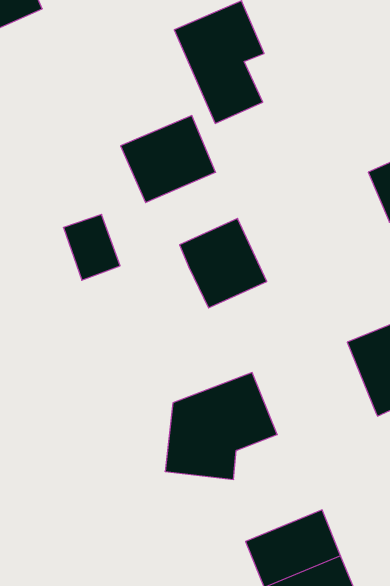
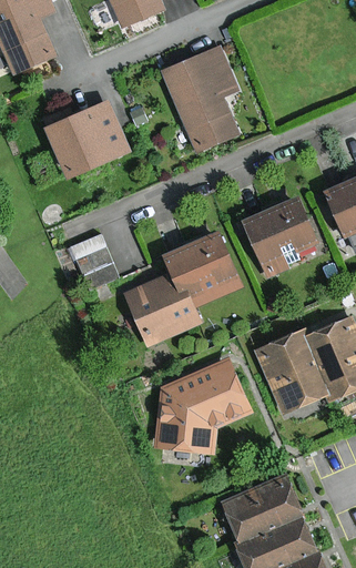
building: [121,116,216,203] -> [47,102,126,175]
building: none -> [244,201,315,268]
building: none -> [128,272,196,342]
building: none -> [256,328,332,414]

